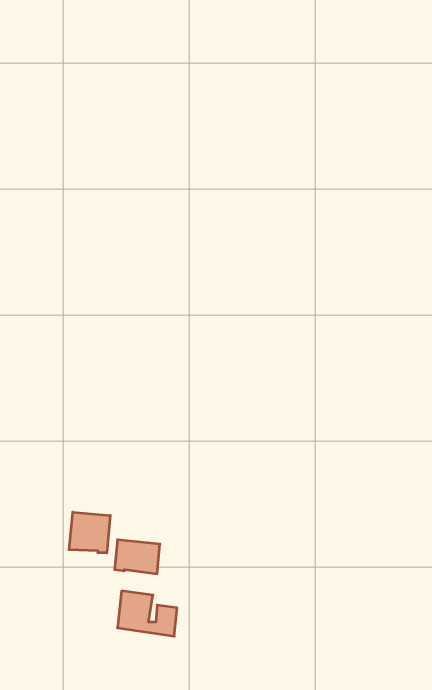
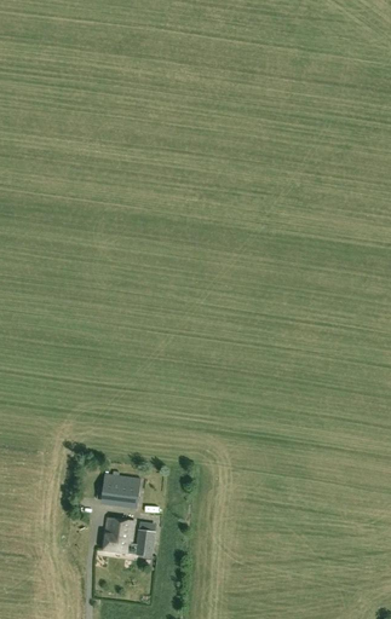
building: [69,512,110,553] -> none

